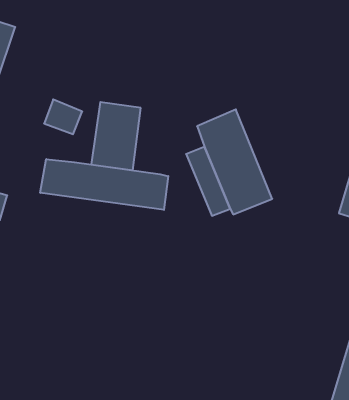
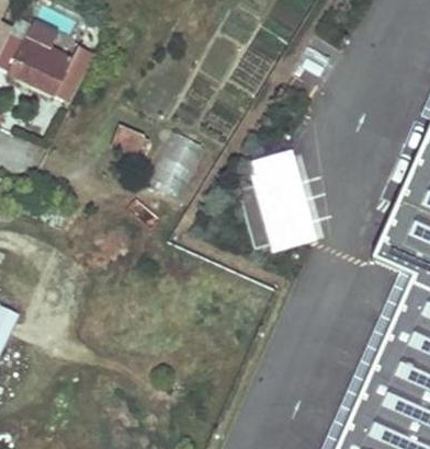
building: [40,159,168,210] -> none

